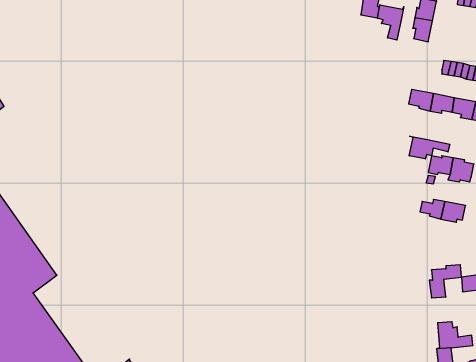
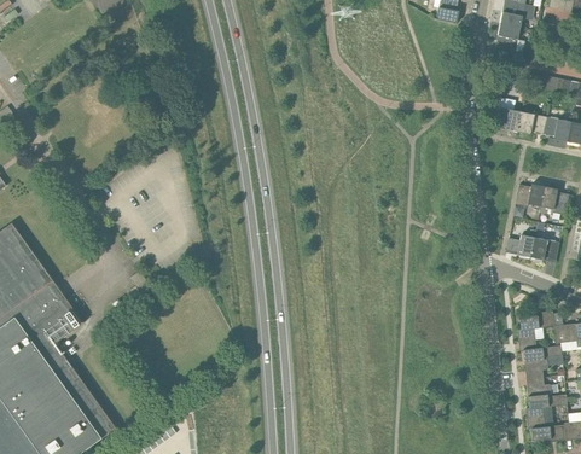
building: [377,5,404,40] -> none
building: [409,136,450,159] -> none
building: none -> [519,345,562,378]

